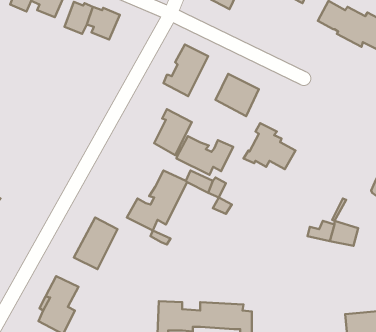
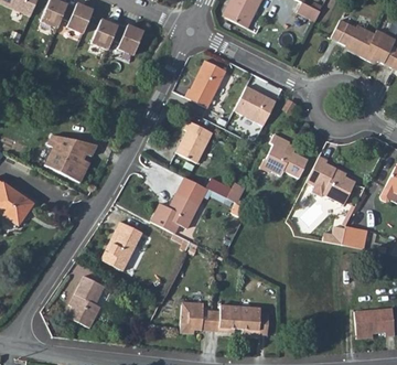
building: none -> [44,135,95,183]
building: [177,136,233,175] -> none
building: none -> [307,155,355,204]

